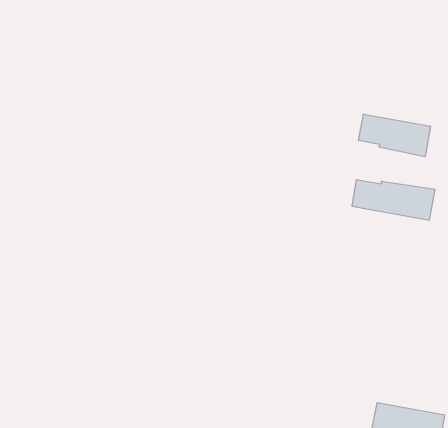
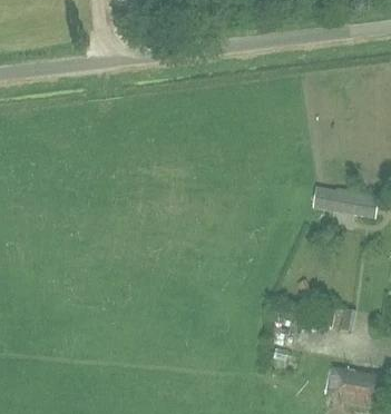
building: [358,114,431,157] -> none

